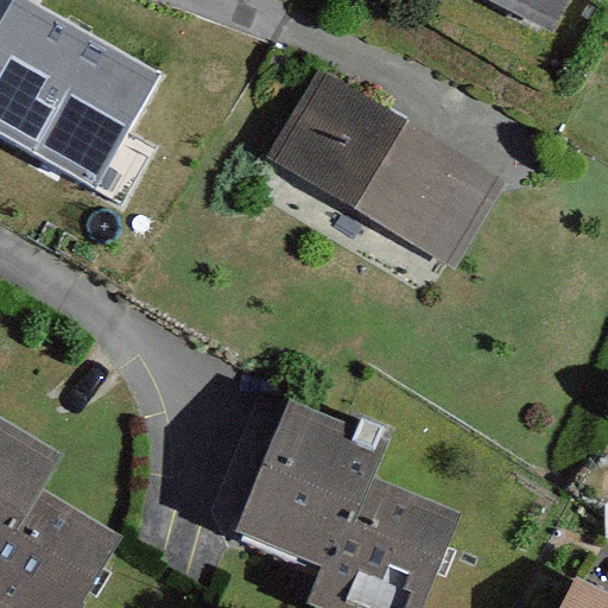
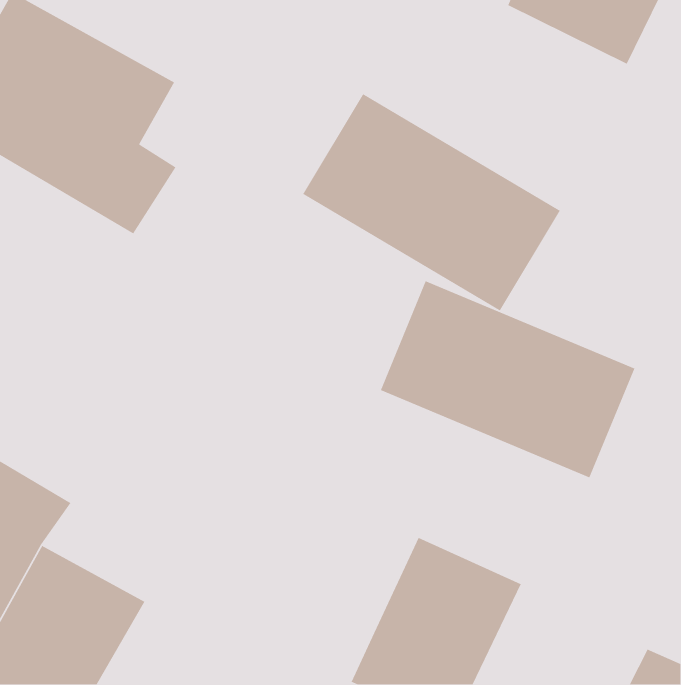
building: none -> [380,280,635,479]
building: [234,393,387,557] -> none

